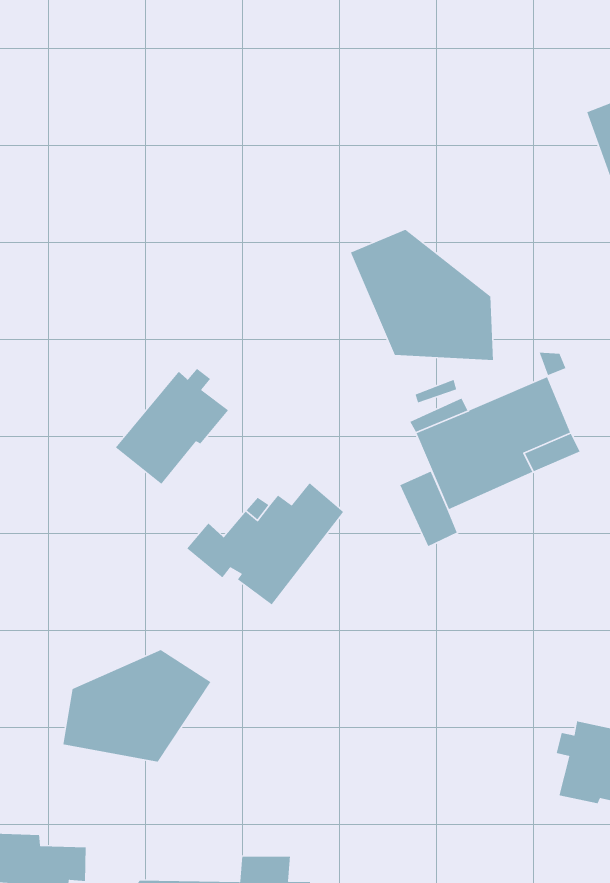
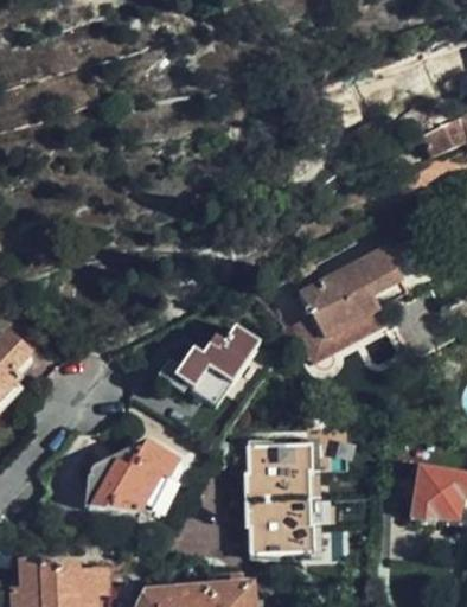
building: [350,229,494,361] -> none
building: [115,368,229,485] -> none
building: none -> [245,443,318,554]

